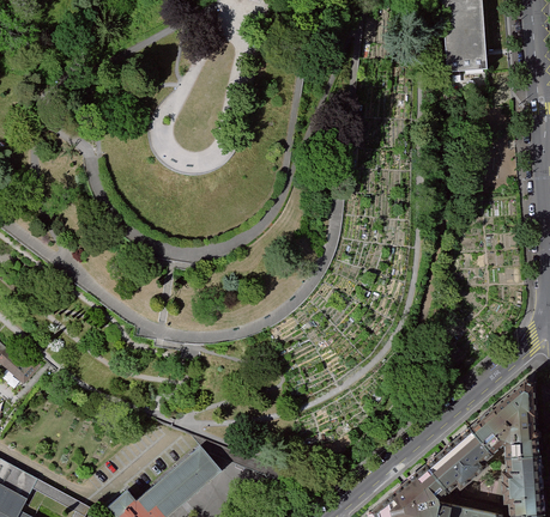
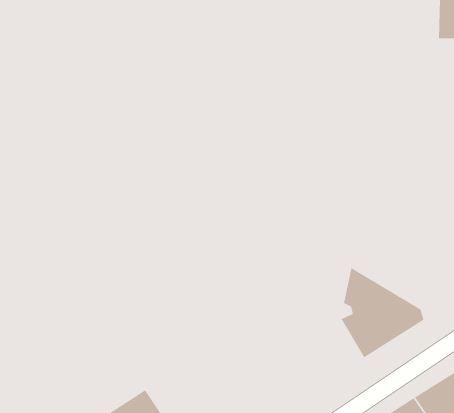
building: none -> [341,267,424,358]

